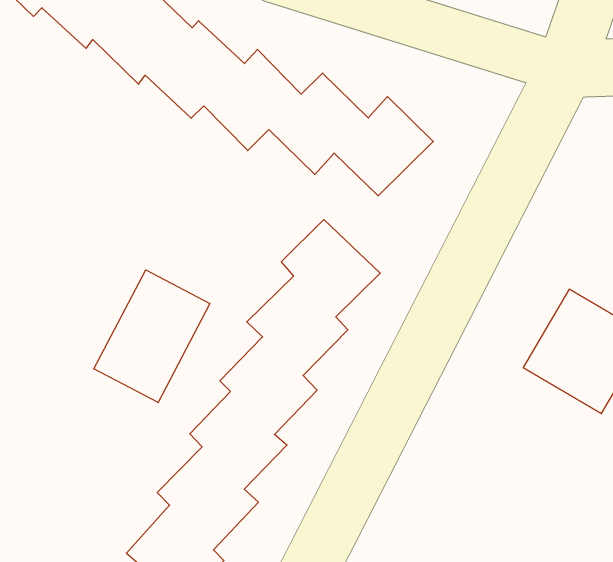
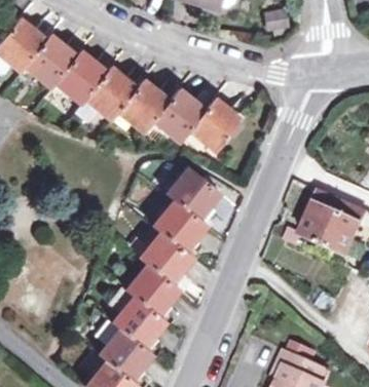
building: [94,270,210,403] -> none

